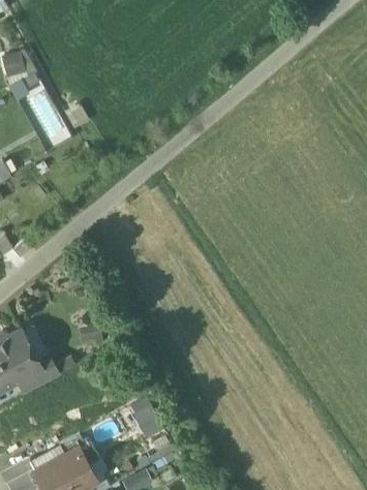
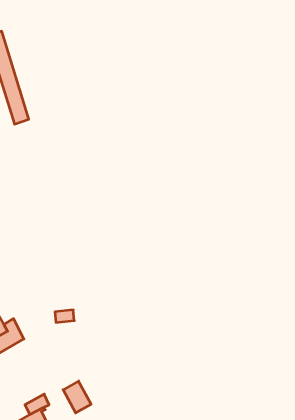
building: [133,402,163,436] -> [63,381,91,413]

